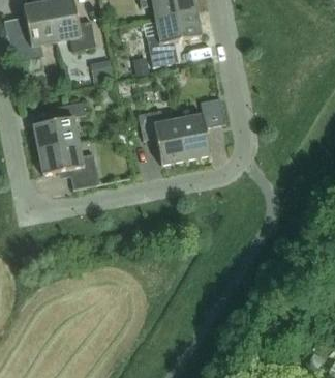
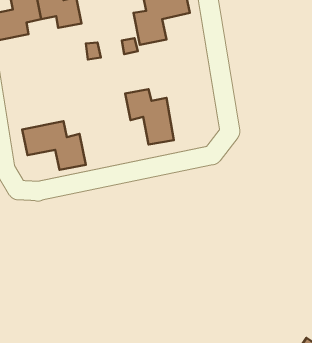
building: [178,97,225,159] -> none
building: [32,101,85,149] -> none

